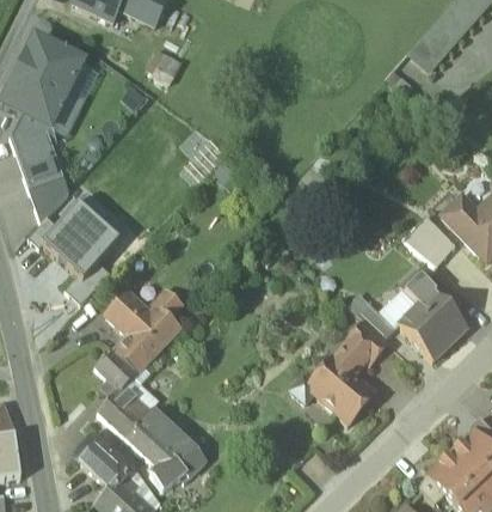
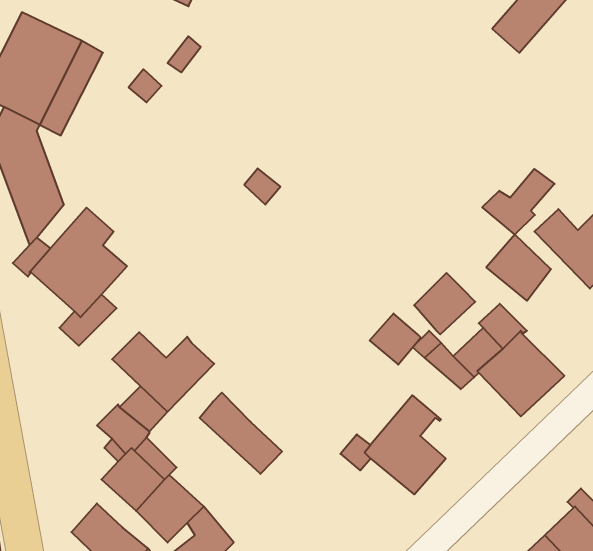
building: none -> [482,169,555,235]
building: none -> [414,273,475,334]
building: [345,321,386,361] -> [370,313,421,365]
building: none -> [200,393,282,474]

